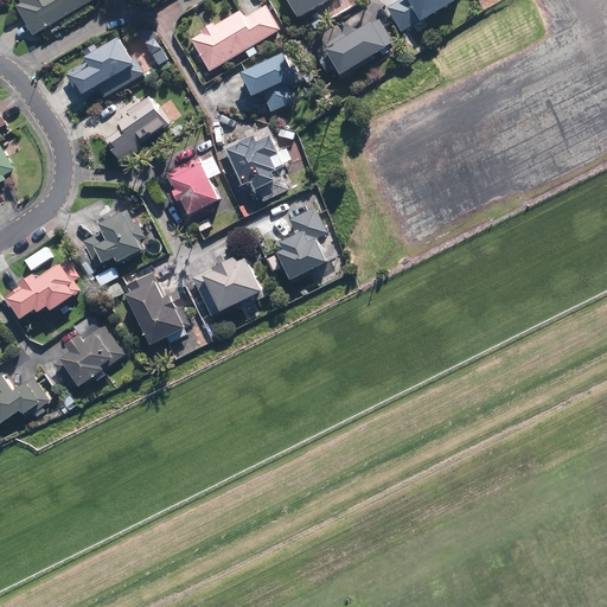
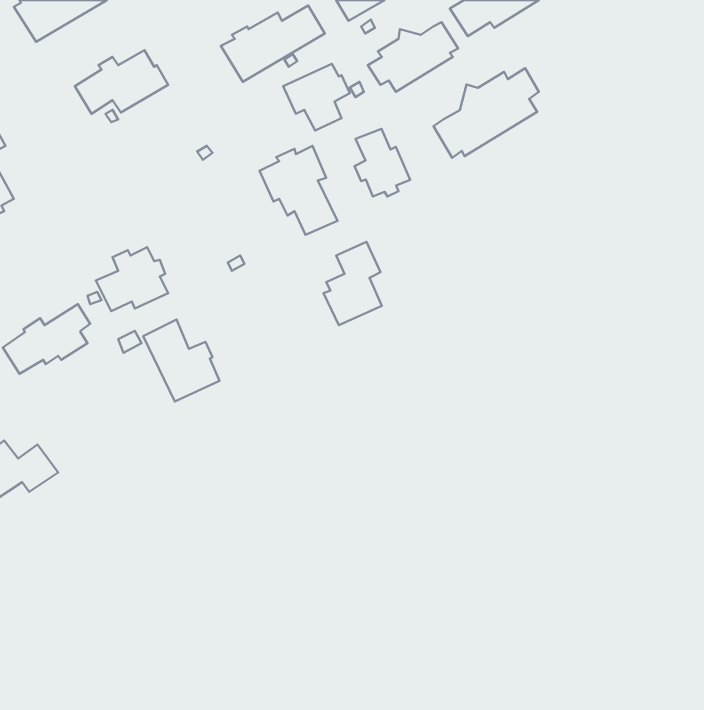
building: none -> [434,68,539,158]
building: [106,96,168,161] -> none
building: none -> [355,129,410,197]
building: [164,156,217,225] -> none
building: [191,251,262,315] -> none
building: [52,322,124,384] -> none

